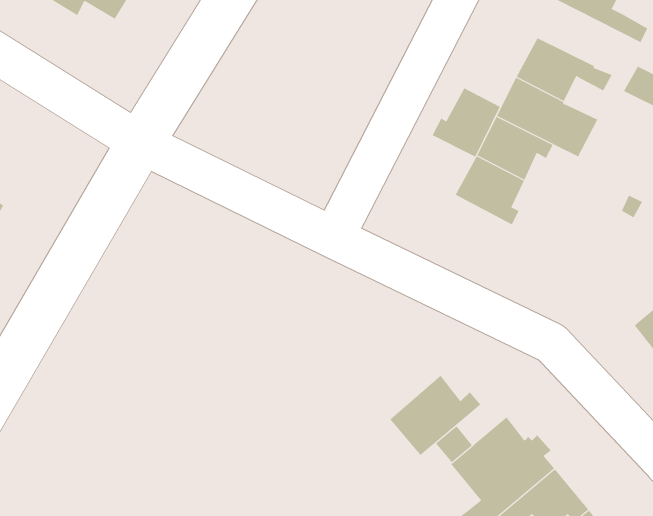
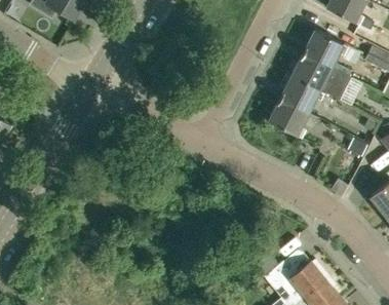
building: [432,88,500,157] -> none
building: [390,375,481,456] -> none

